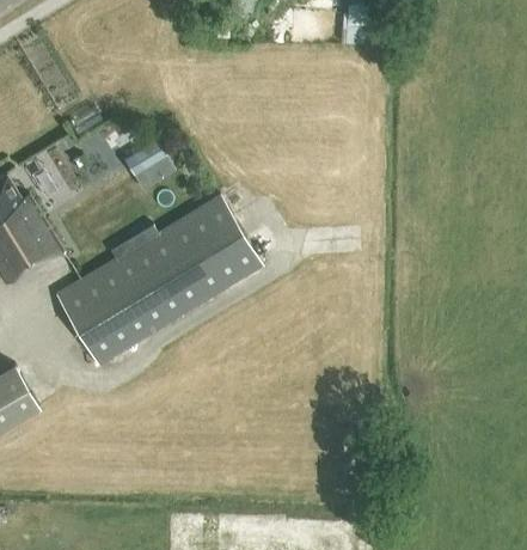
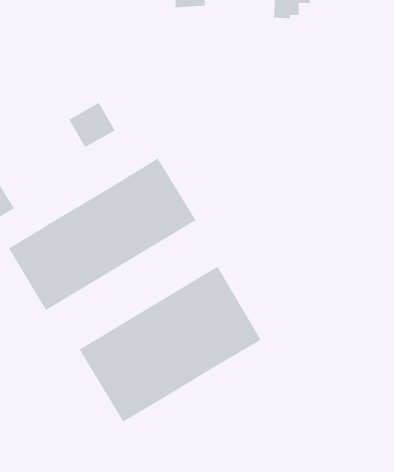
building: none -> [79,266,261,422]

